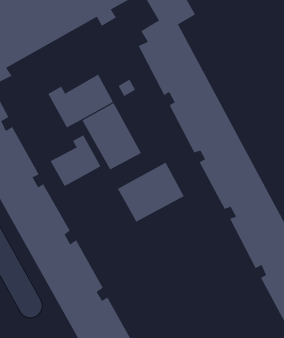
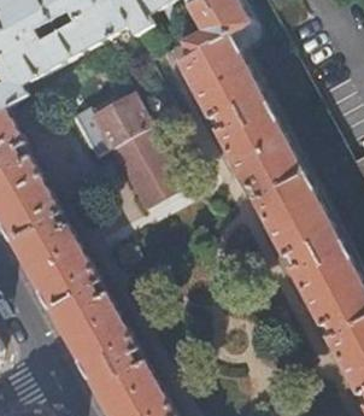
building: [50,134,101,187] -> none
building: [117,162,184,222] -> none

